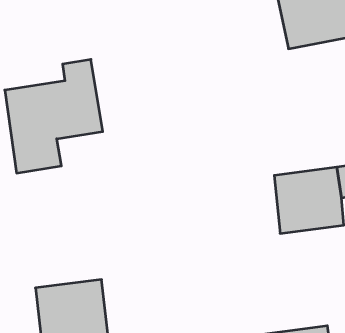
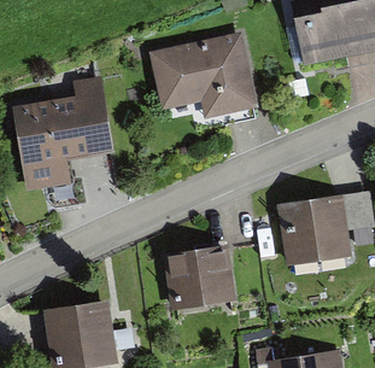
building: none -> [147,35,257,134]
building: none -> [164,247,235,310]

